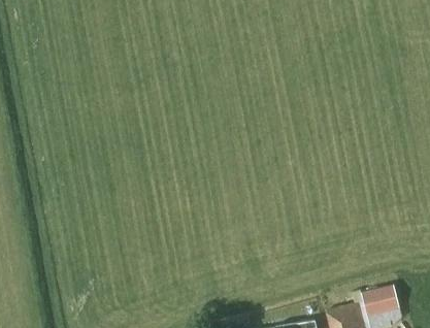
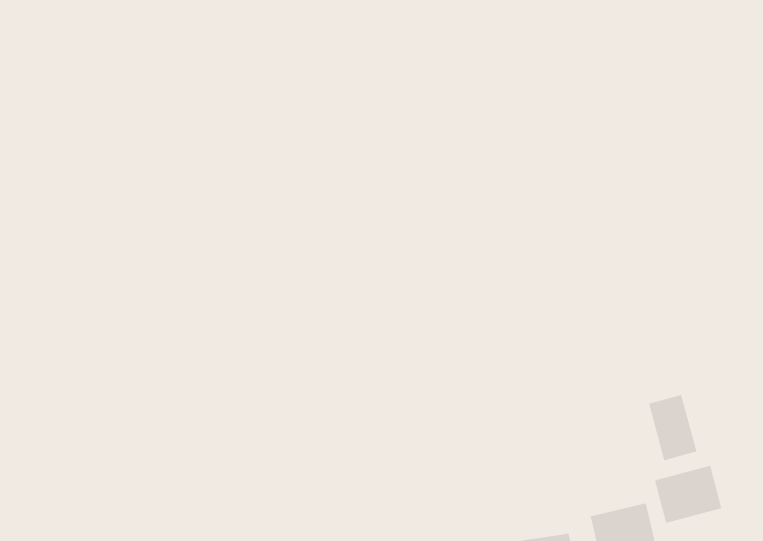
building: none -> [649,394,697,461]

